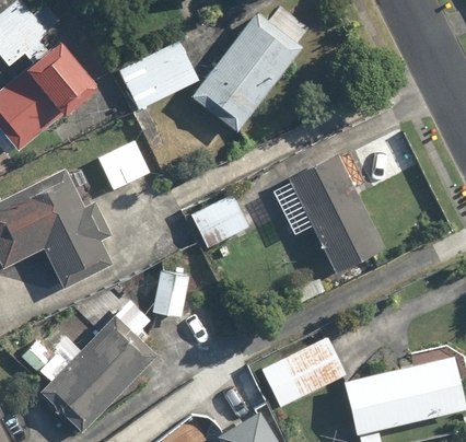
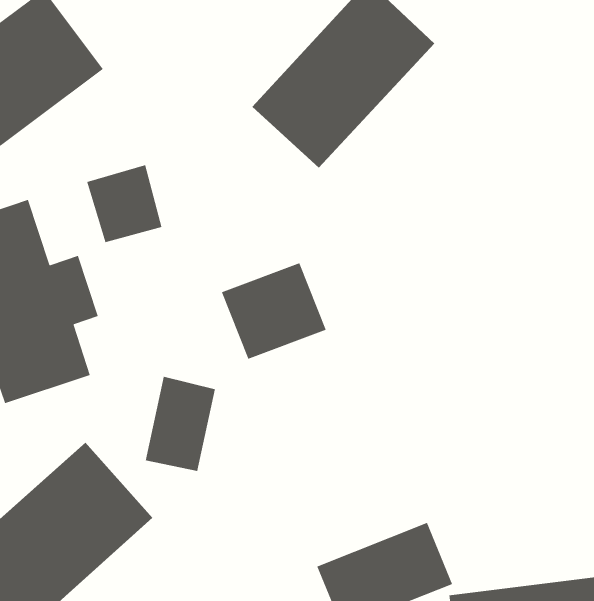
building: [116,39,196,107] -> none
building: [272,152,385,272] -> none

